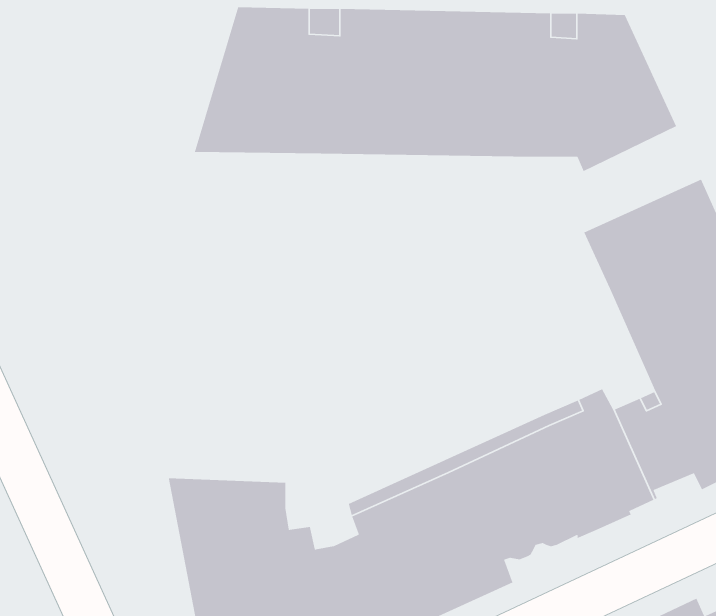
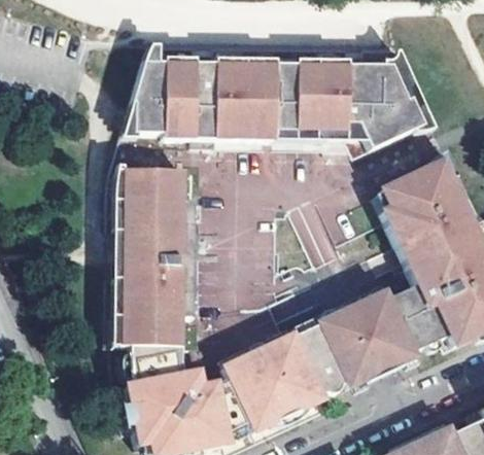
building: none -> [109,169,187,348]

